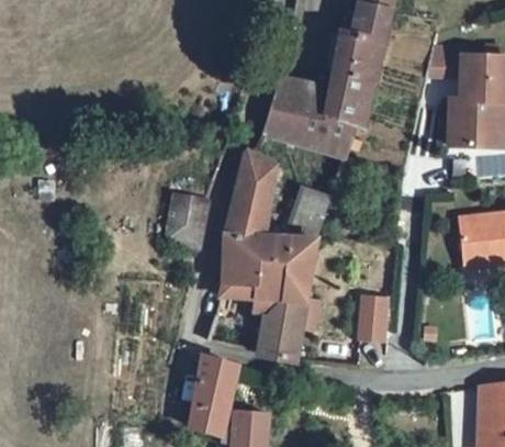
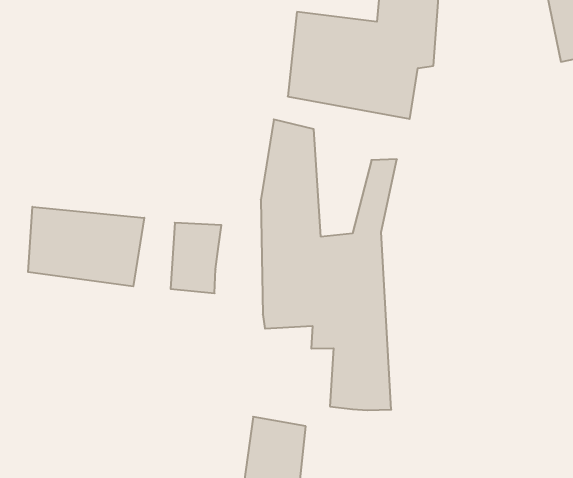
building: none -> [28,207,144,286]
building: [355,316,381,359] -> none

